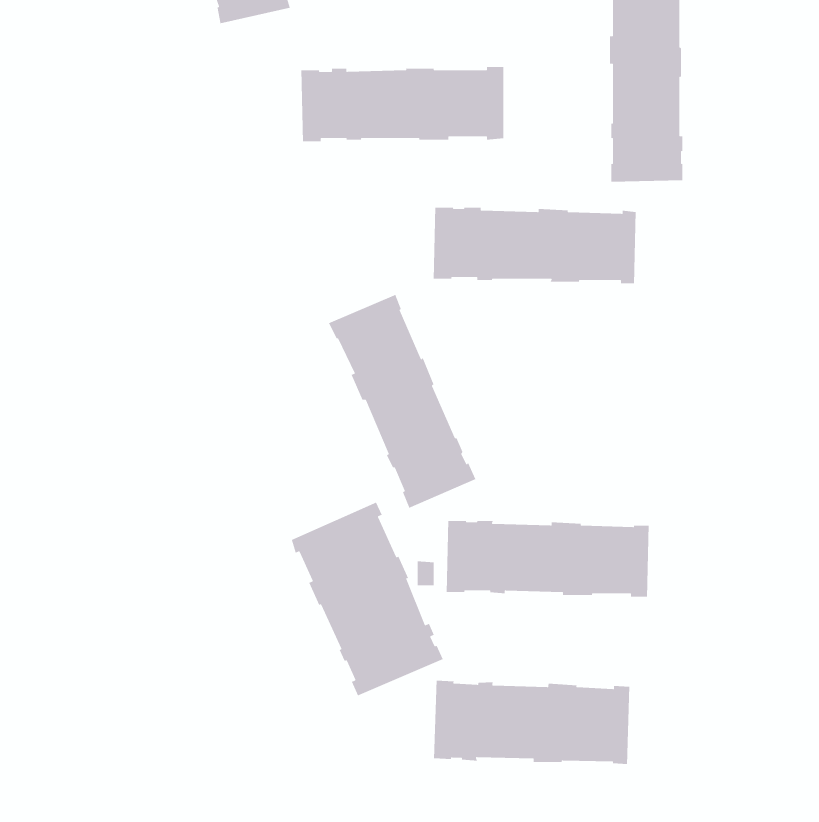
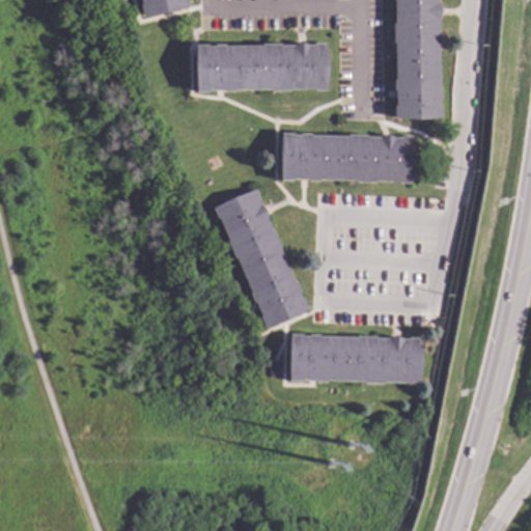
building: [291,501,444,696] -> none
building: [433,680,630,765] -> none

